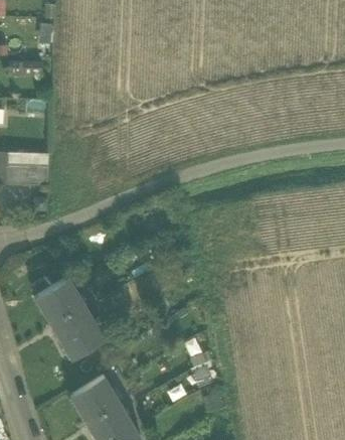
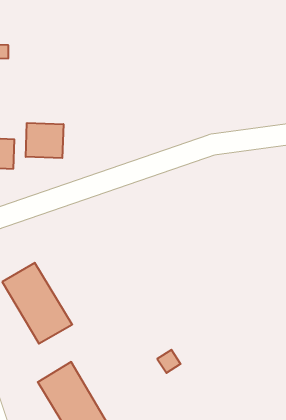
building: none -> [26,123,63,158]

